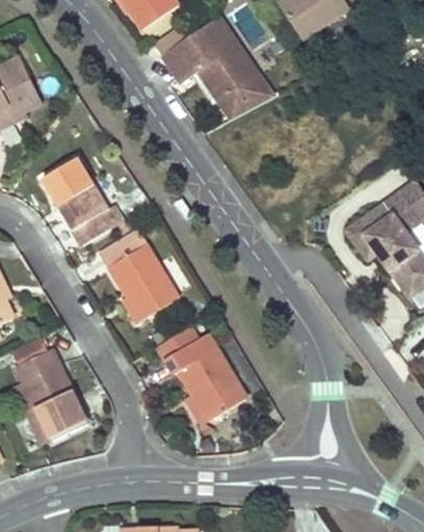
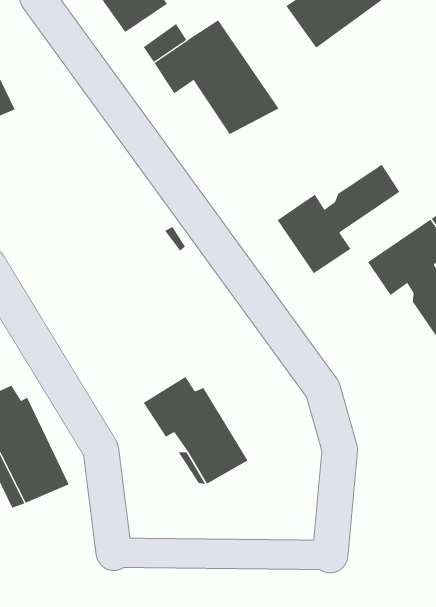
building: none -> [277,164,400,274]
building: [41,157,111,243] -> none
building: [100,229,180,318] -> none

